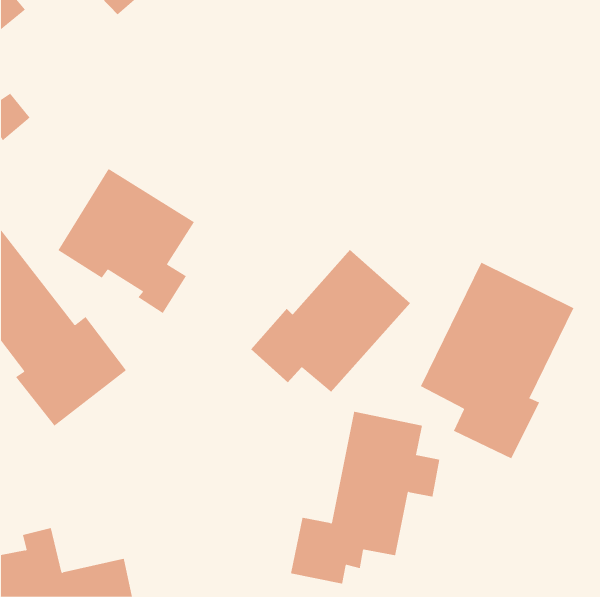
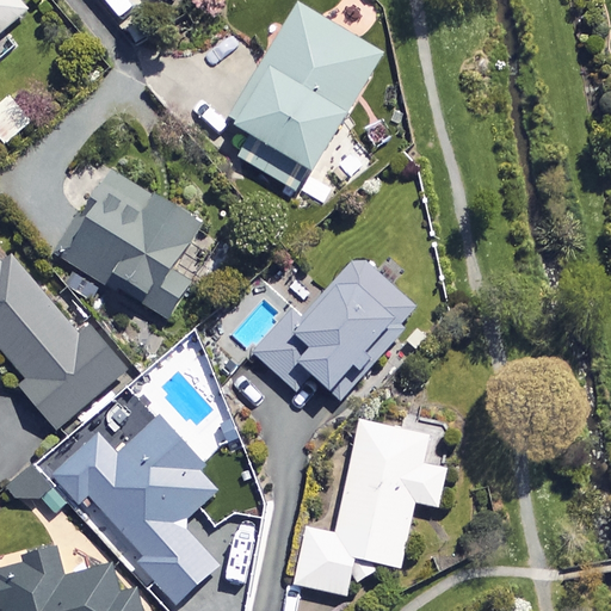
building: none -> [227,5,379,192]
building: [420,262,574,459] -> none
building: none -> [36,416,220,601]

